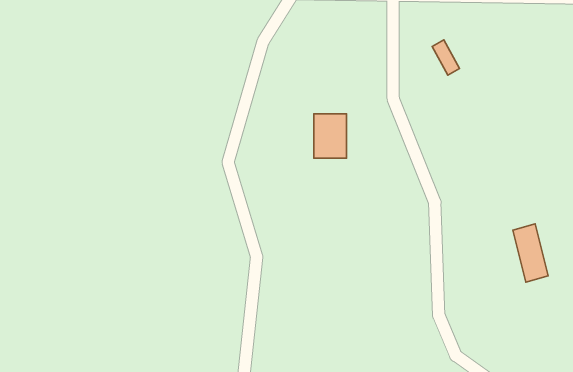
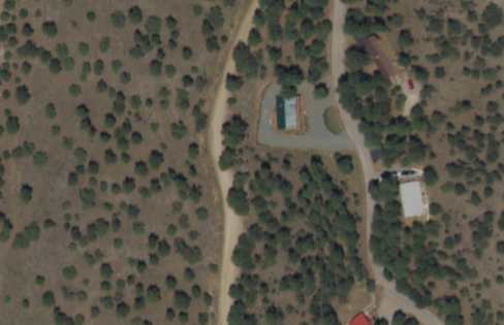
building: [513,224,548,282] -> [398,177,426,224]

